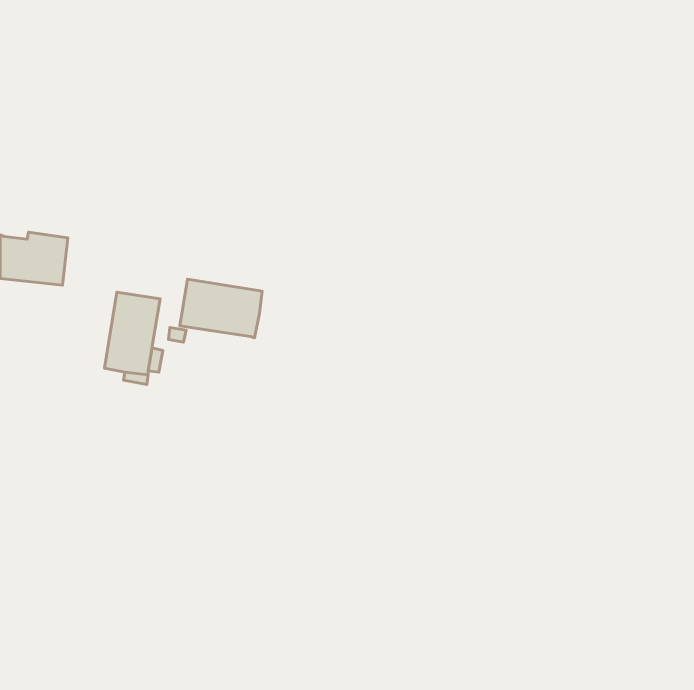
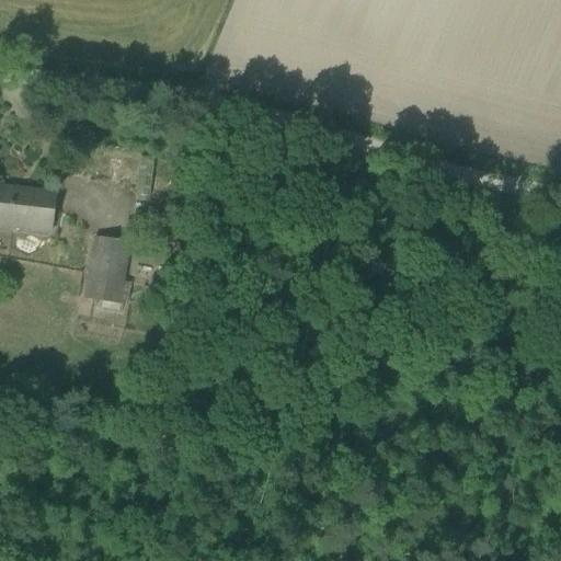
building: [180,279,262,338] -> none

